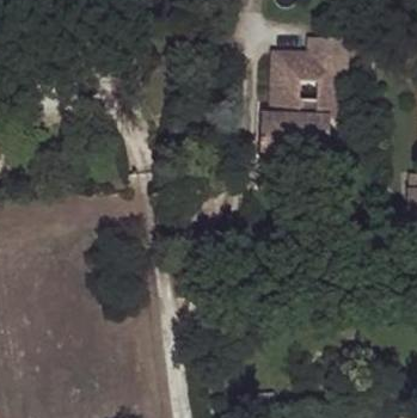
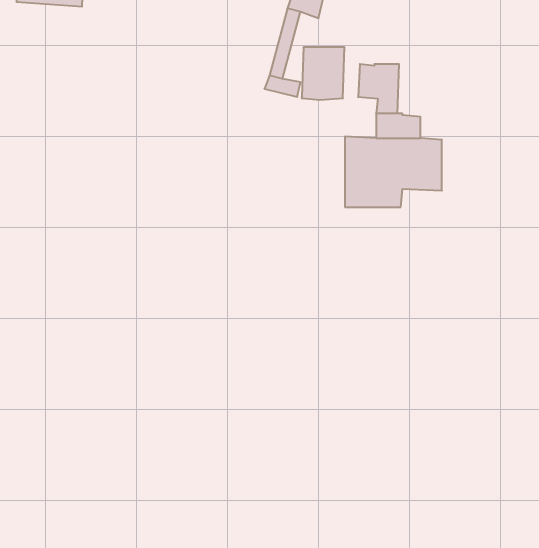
building: [303,60,335,98] -> [302,47,345,100]

